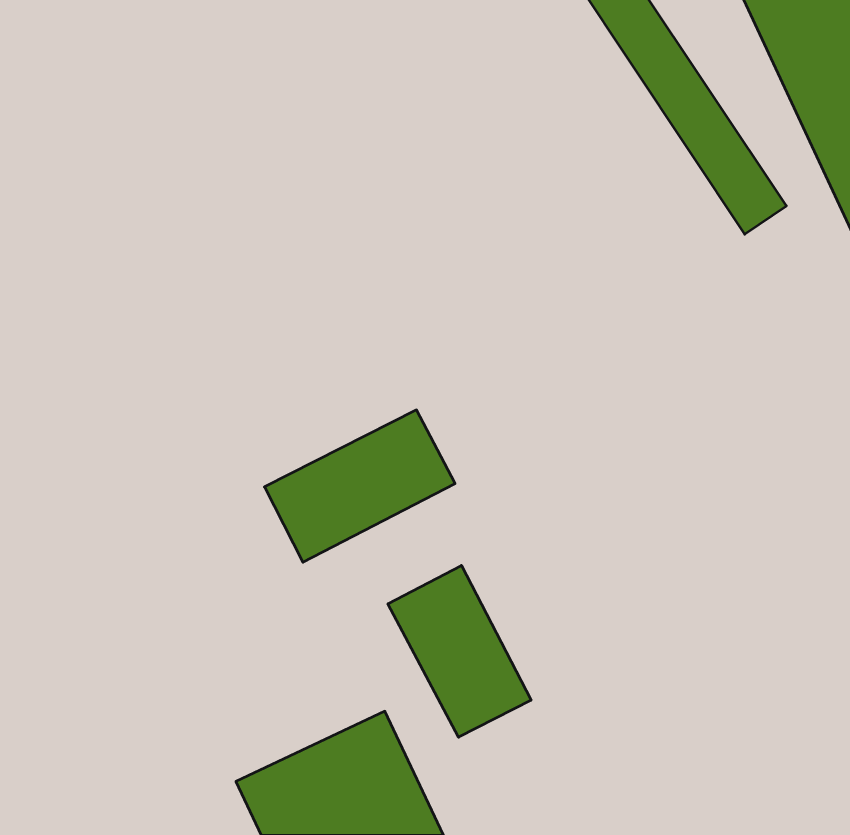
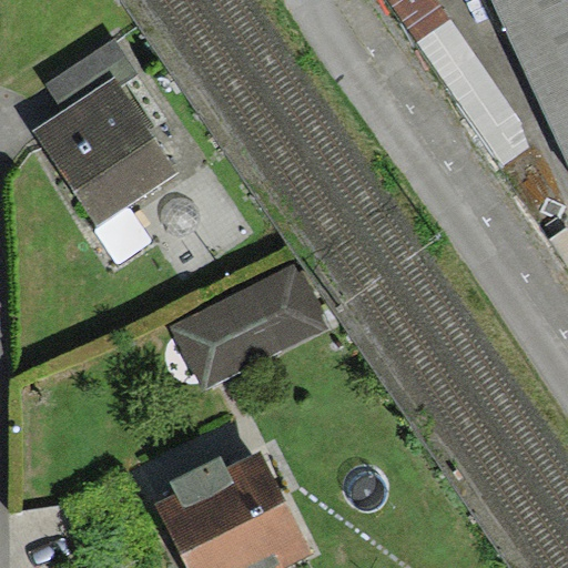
building: none -> [38,44,172,225]
building: [388,565,531,737] -> none

